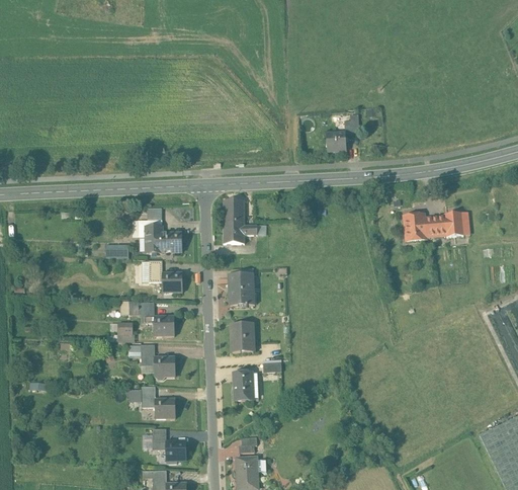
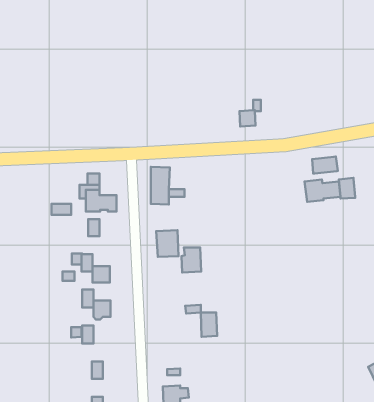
building: none -> [312,157,338,174]
building: [162,272,182,292] -> none
building: [231,323,254,352] -> [181,248,201,272]
building: [234,372,253,400] -> [201,313,217,337]
building: [155,398,175,417] -> none
building: [166,440,186,462] -> none

